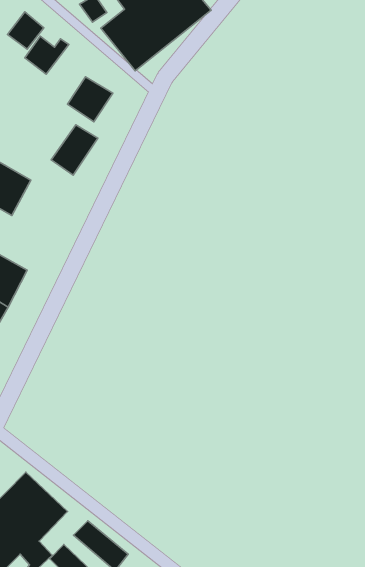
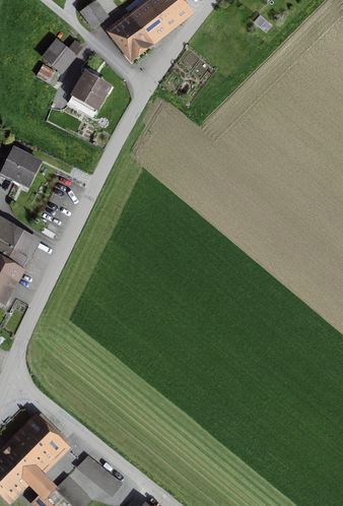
building: [7,12,44,49] -> none
building: [51,125,98,175] -> none

